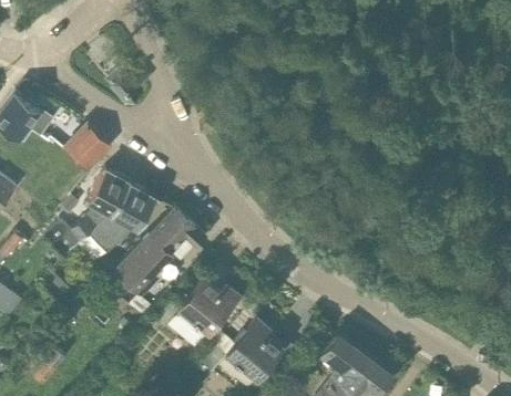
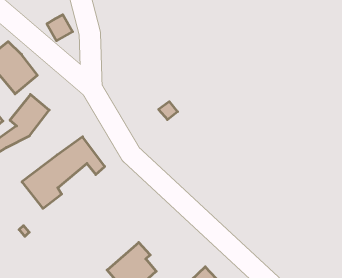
building: [89,183,156,253] -> none
building: [180,277,241,334] -> none

